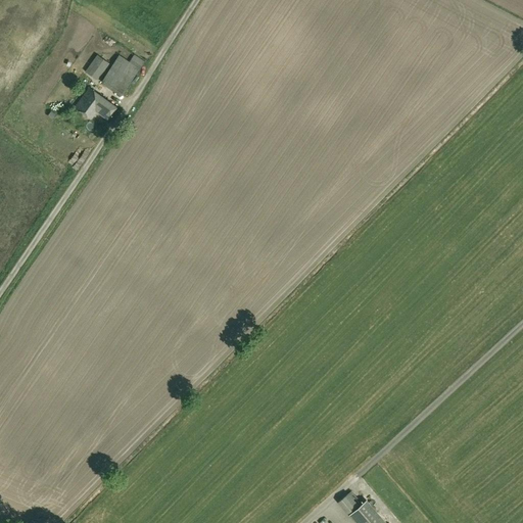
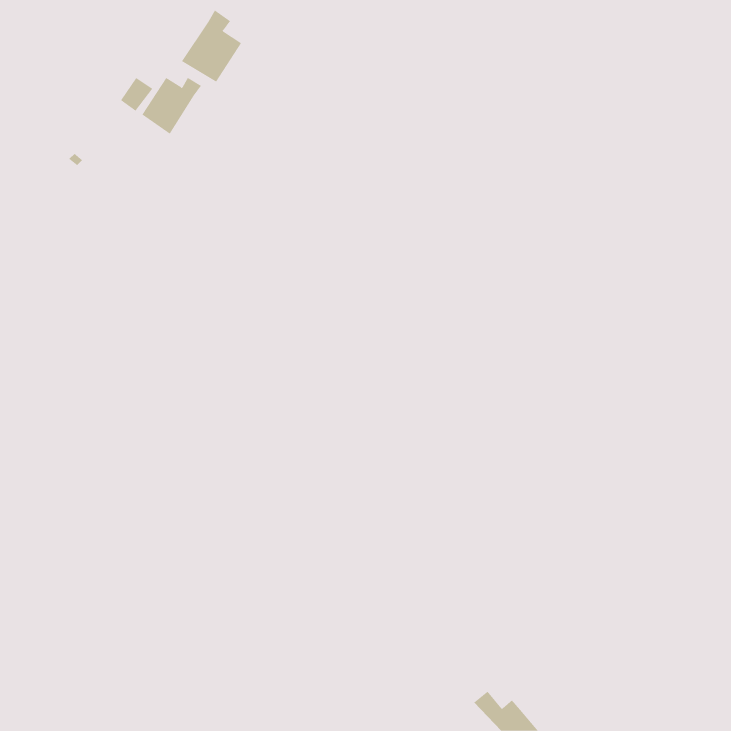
building: none -> [181,10,242,83]
building: [75,88,116,121] -> none

